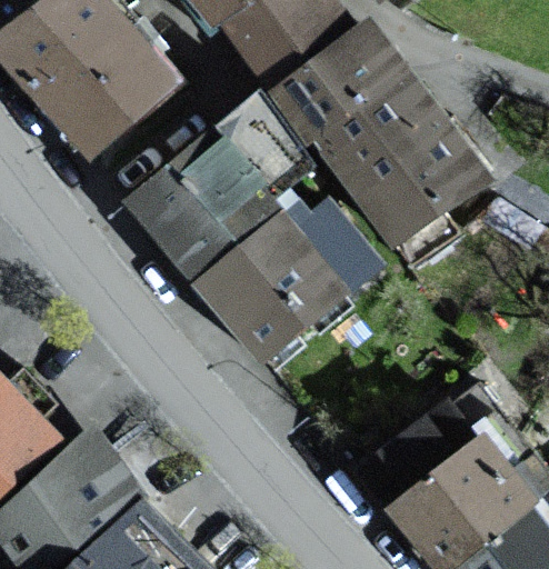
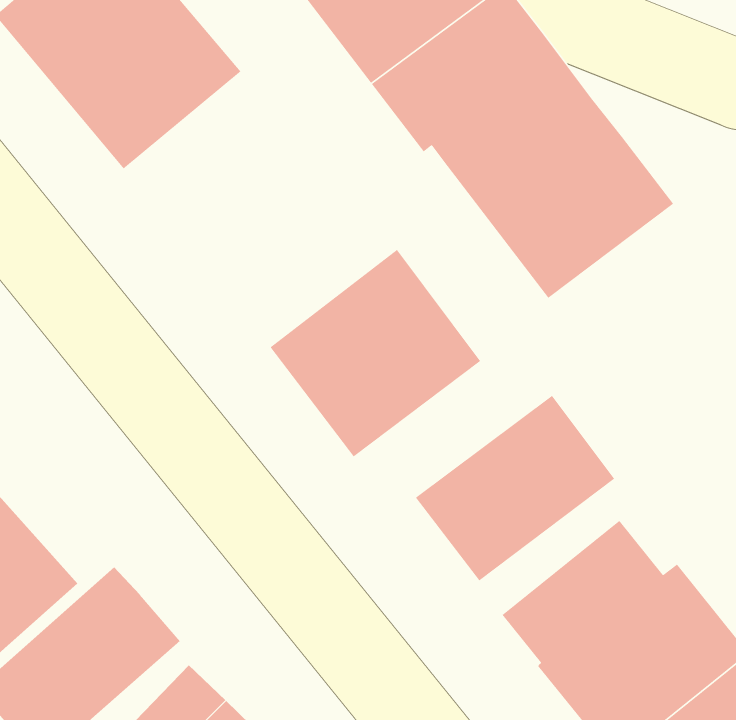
building: [134,90,326,278] -> none
building: none -> [415,395,615,582]

